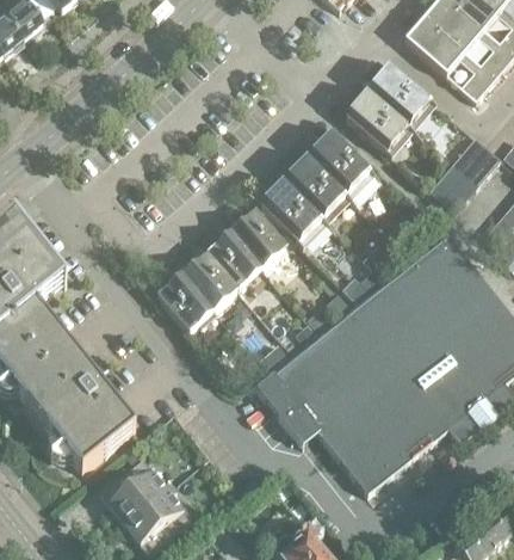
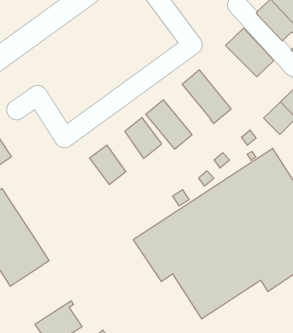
building: [342,88,414,156] -> none
building: [280,152,352,223] -> none
building: [204,228,259,287] -> none
building: [156,272,212,330] -> none
building: [104,457,173,523] -> none

